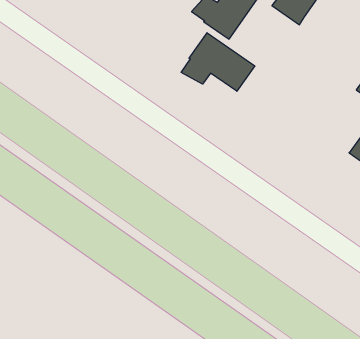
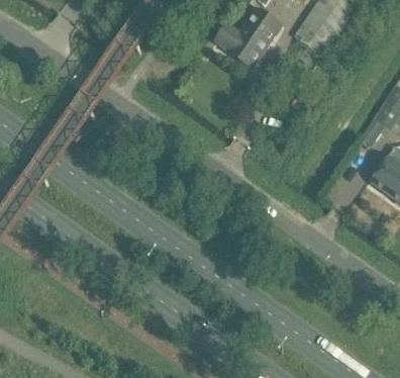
building: [181,33,255,91] -> none

